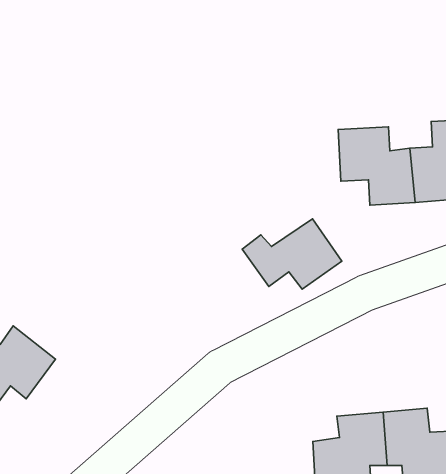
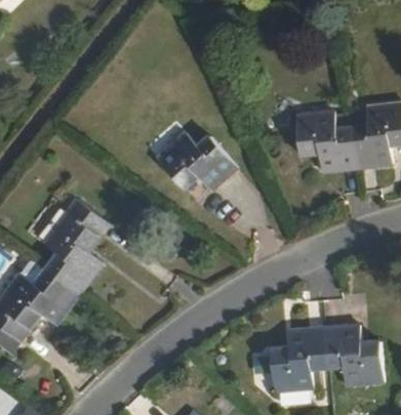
building: [242,219,342,289] -> [162,130,239,184]
building: none -> [45,199,110,292]

